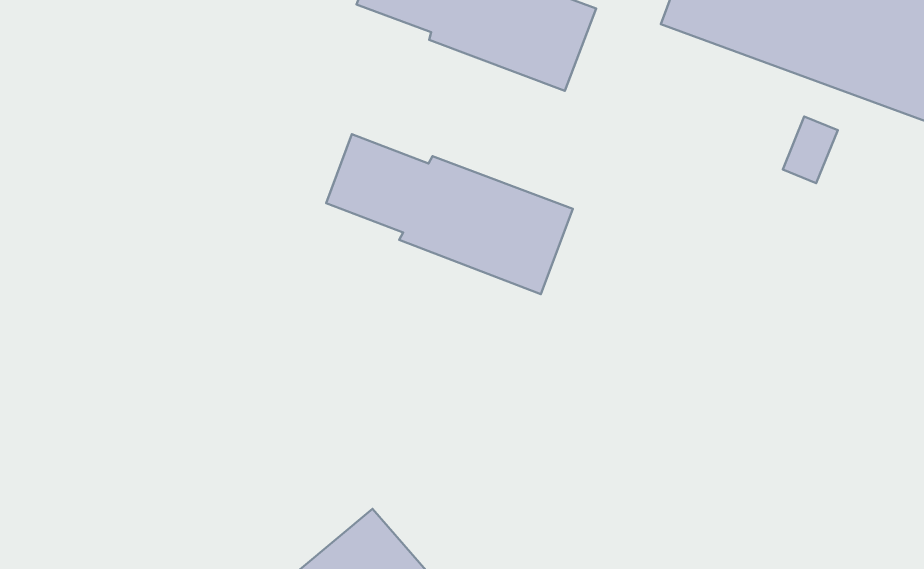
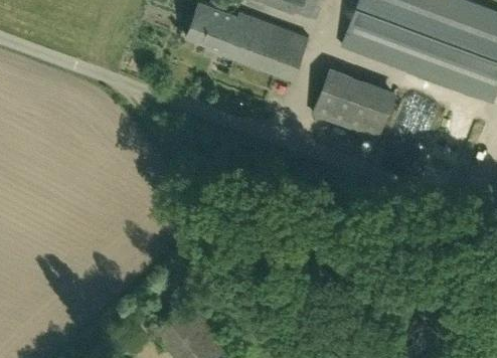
building: none -> [312,71,393,138]
building: [326,134,573,294] -> none

